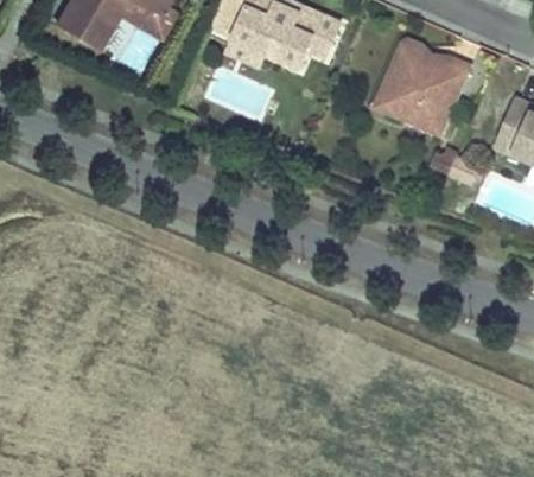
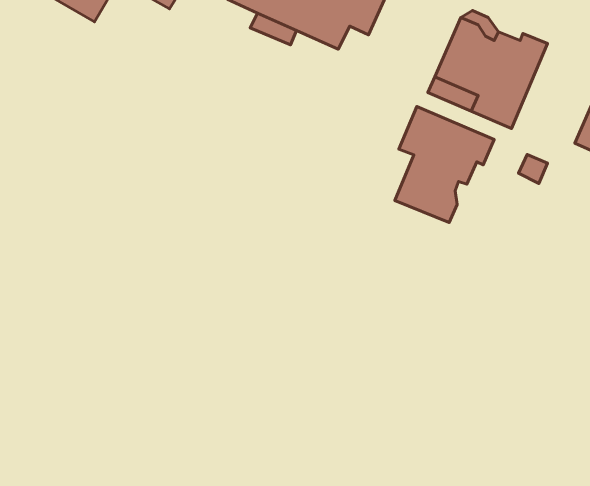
building: none -> [395,107,494,223]

